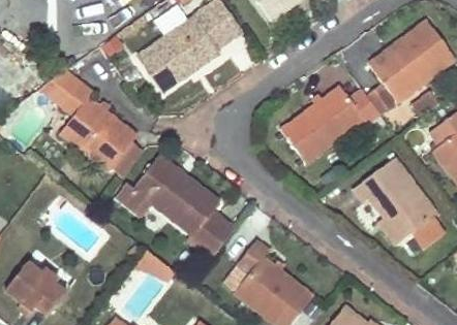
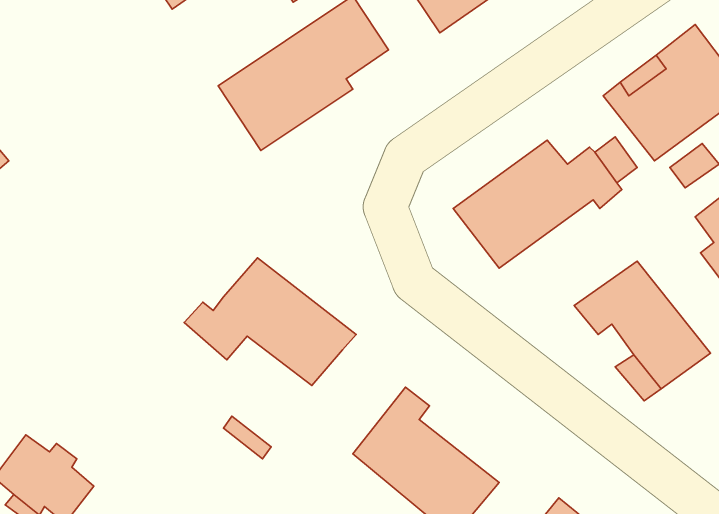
building: [40,67,133,170] -> none
building: [188,214,232,258] -> none

